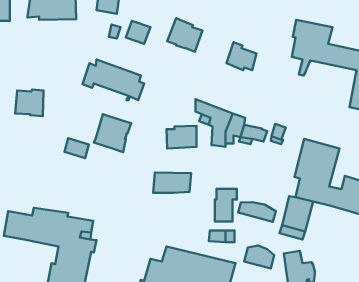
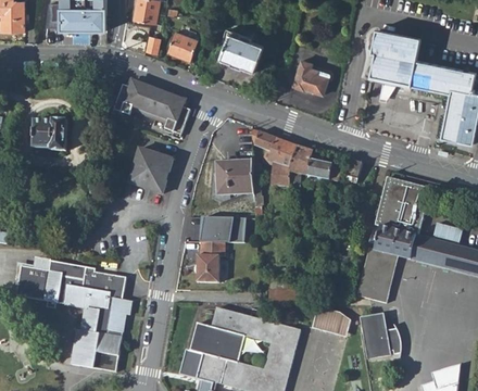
building: [65,138,89,158] -> none
building: [215,189,237,221] -> [198,243,225,283]
building: [238,202,276,222] -> none

